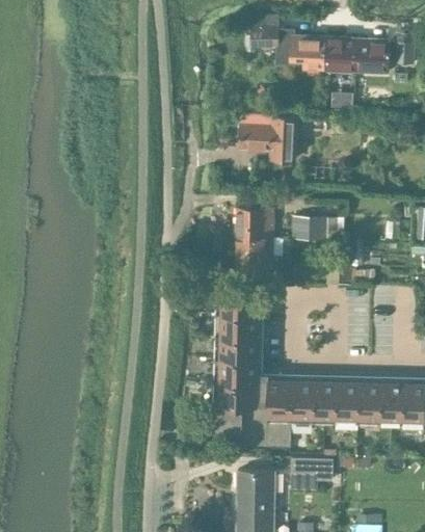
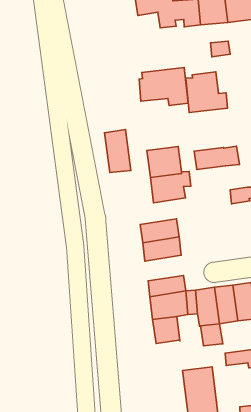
building: none -> [186,72,228,112]
building: none -> [105,130,131,173]
building: [214,335,258,358] -> none

